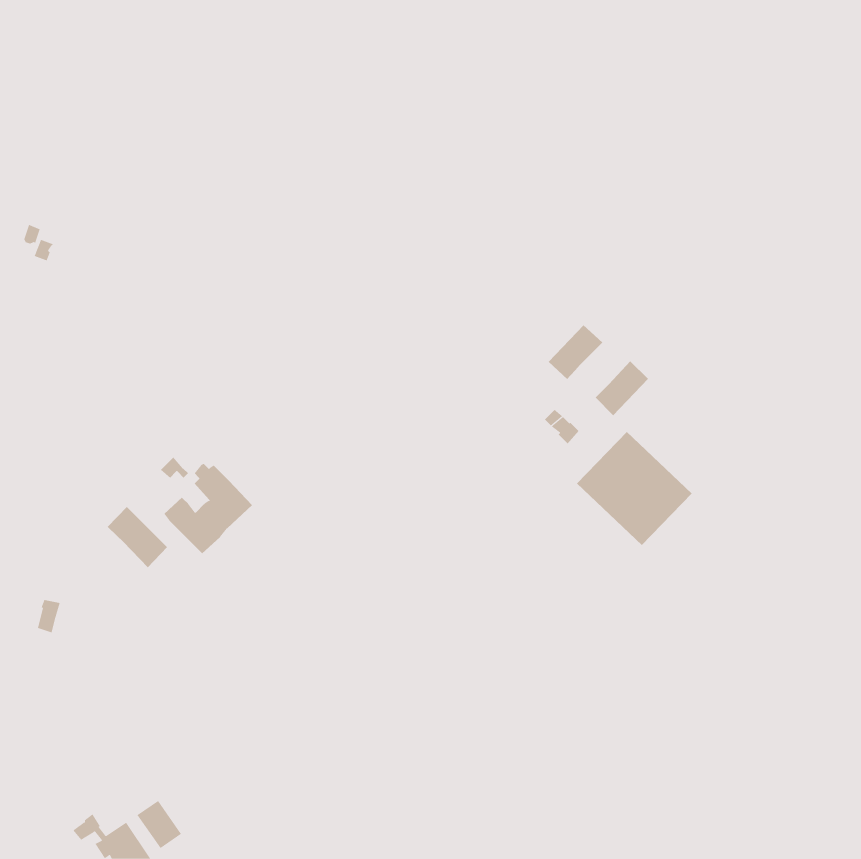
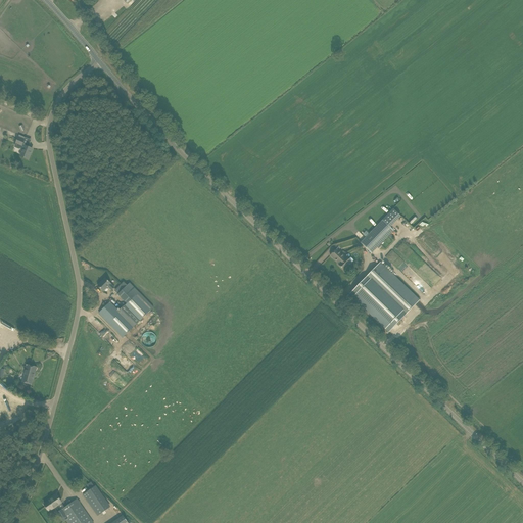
building: [548,325,603,380] -> none
building: [107,506,168,568] -> none

